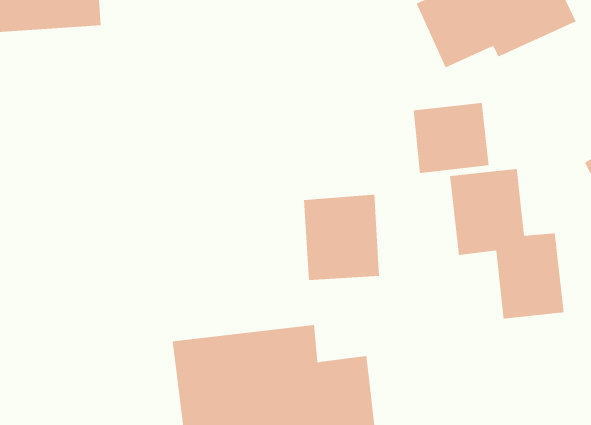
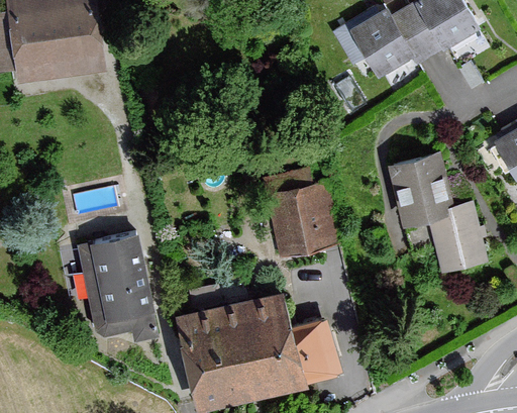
building: [413,102,489,174] -> none
building: none -> [76,232,163,343]

